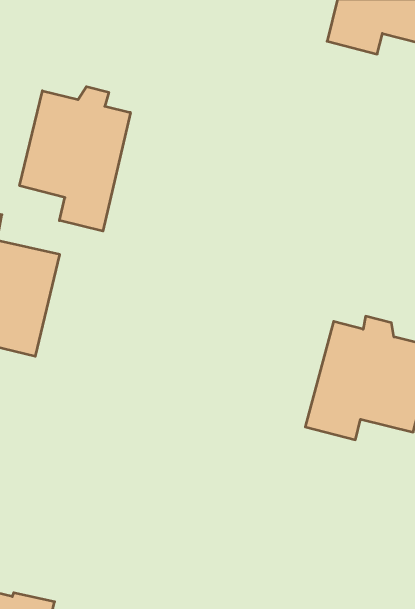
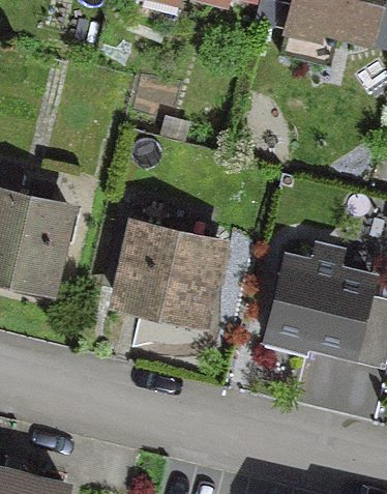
building: [20,87,130,231] -> none
building: none -> [118,223,217,322]

